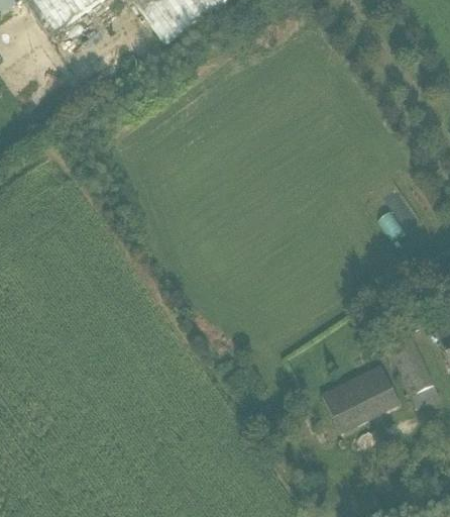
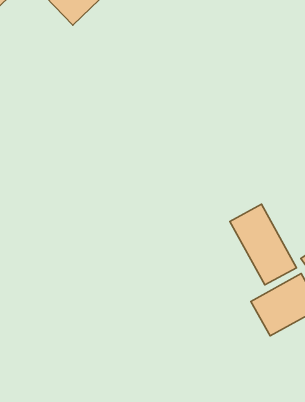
building: none -> [230,204,297,285]

